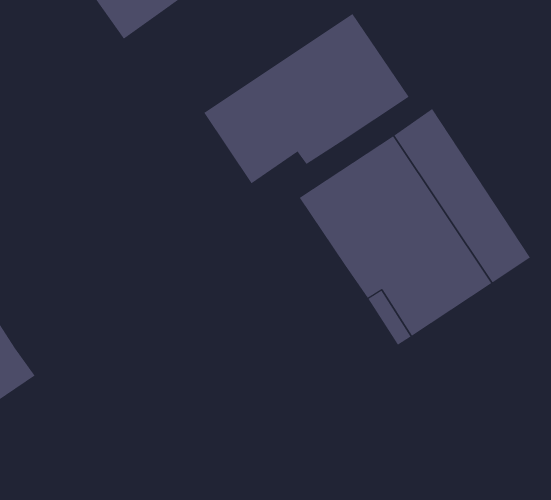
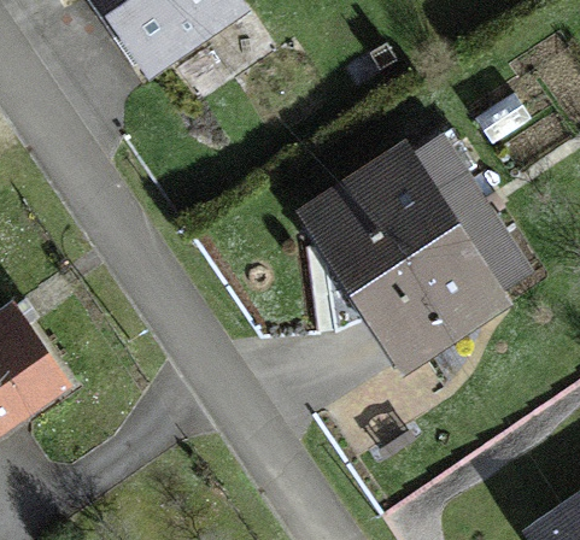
building: [203,13,410,184] -> none

